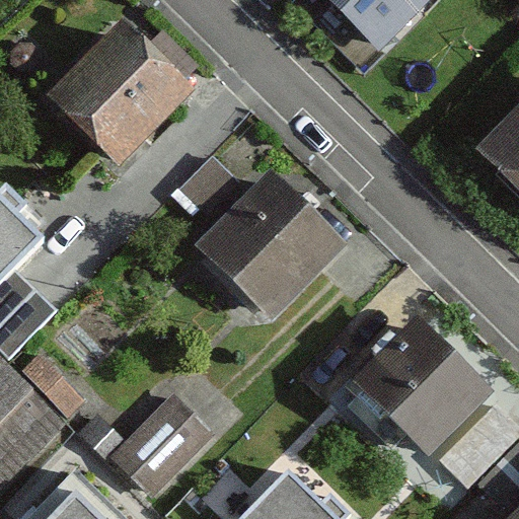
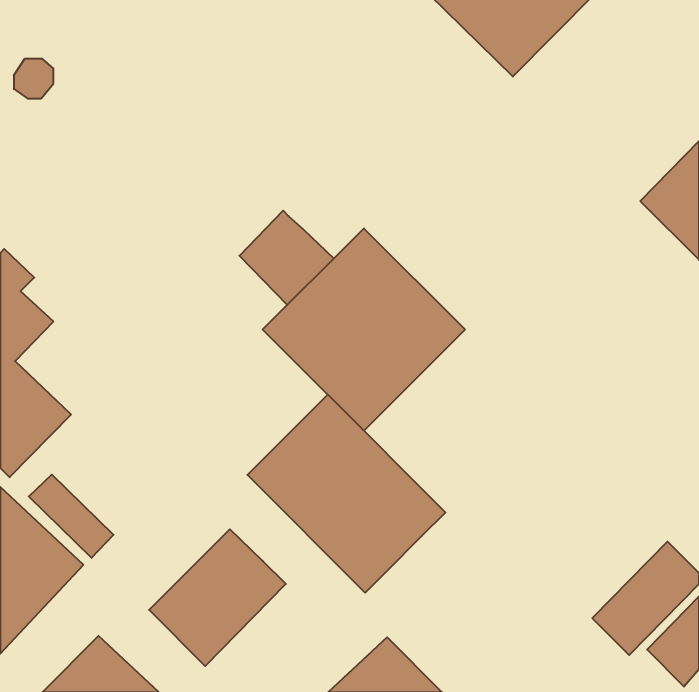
building: [50,28,195,176] -> none
building: none -> [247,395,445,593]
building: [351,319,489,455] -> none

